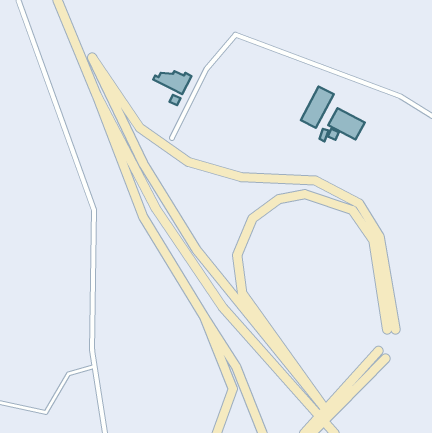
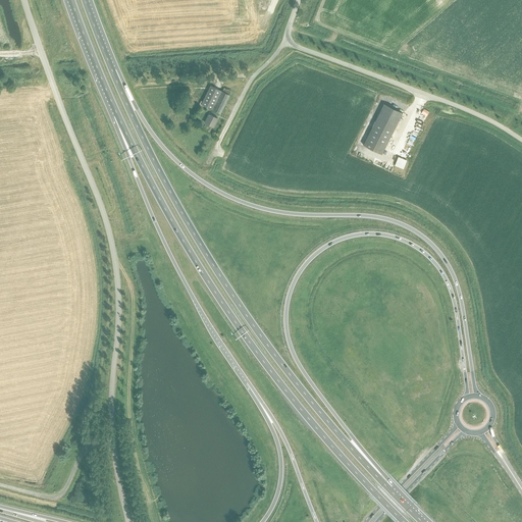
building: [328,108,365,140] -> none

